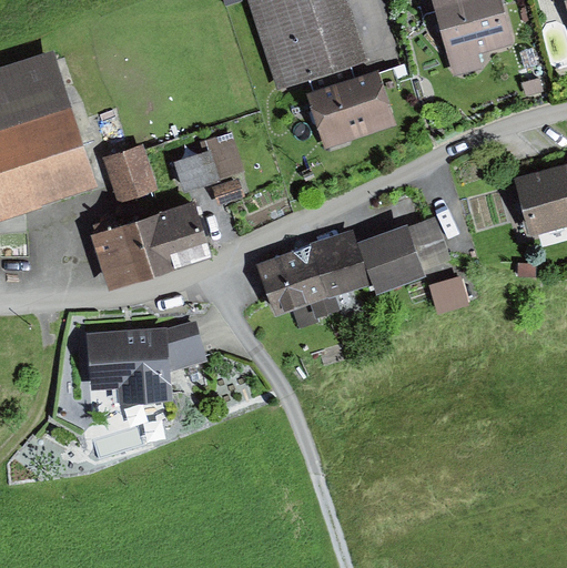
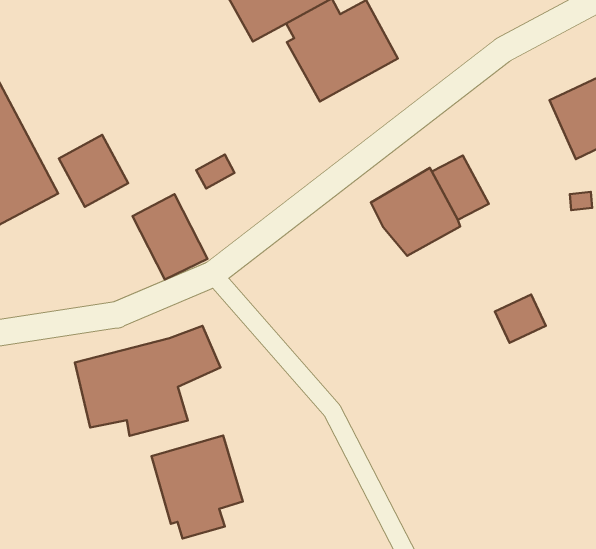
building: [173,132,244,194] -> none
building: [92,216,173,292] -> none
building: [257,232,366,326] -> none
building: [428,277,468,314] -> [495,294,546,343]
building: none -> [152,435,243,539]

